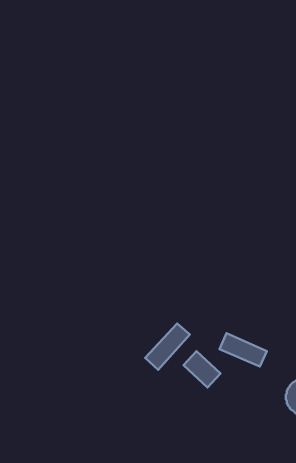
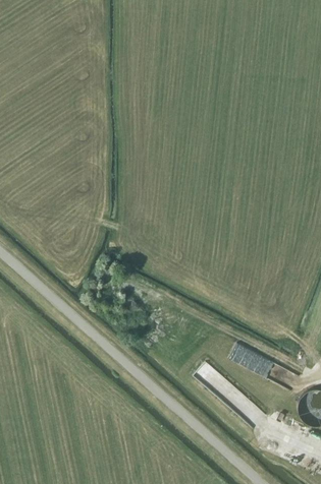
building: [145,323,190,370] -> none

